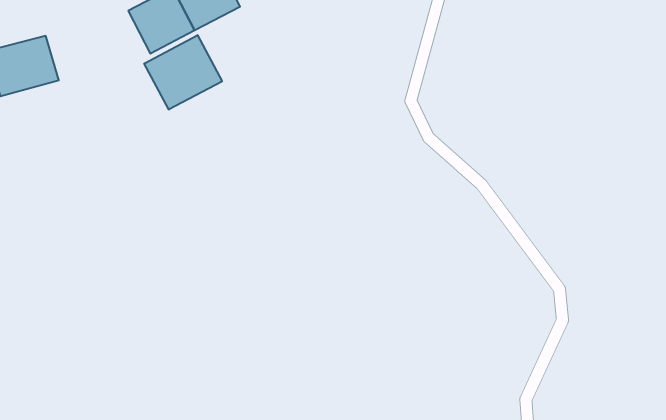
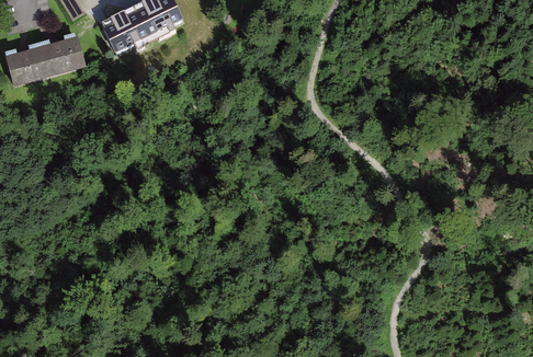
building: none -> [39,33,86,77]
building: [144,35,222,110] -> none

